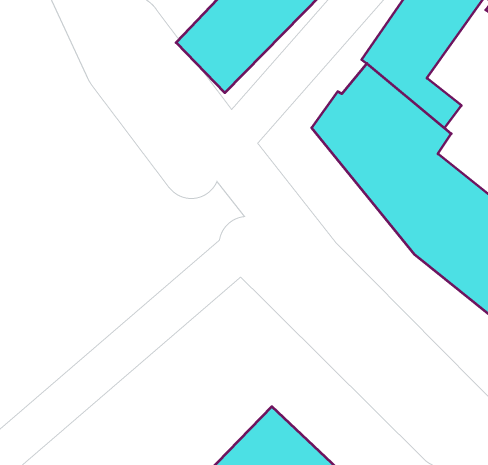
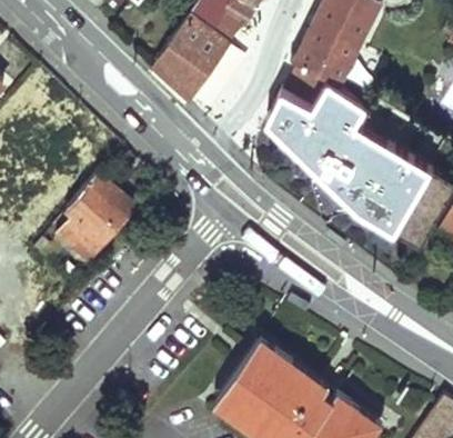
building: none -> [56,172,135,260]

